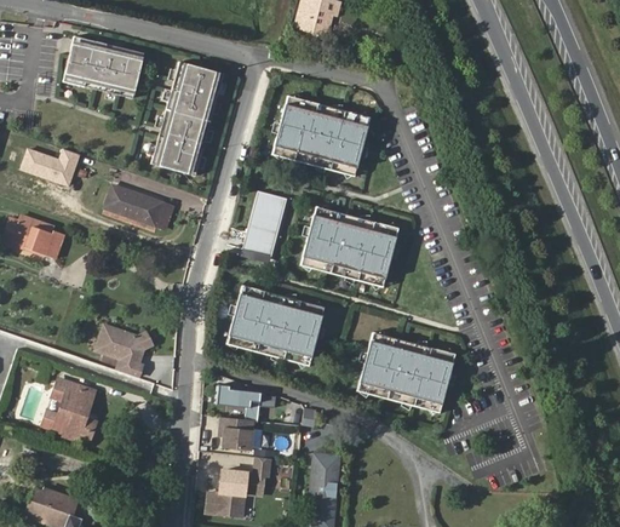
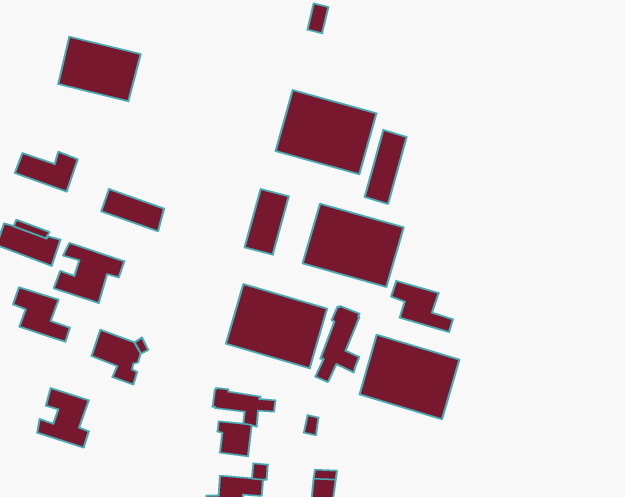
building: [149,64,222,178] -> none
building: none -> [365,130,407,204]
building: none -> [54,243,124,303]
building: none -> [391,281,453,332]
building: none -> [13,287,70,342]
building: none -> [315,306,359,382]

